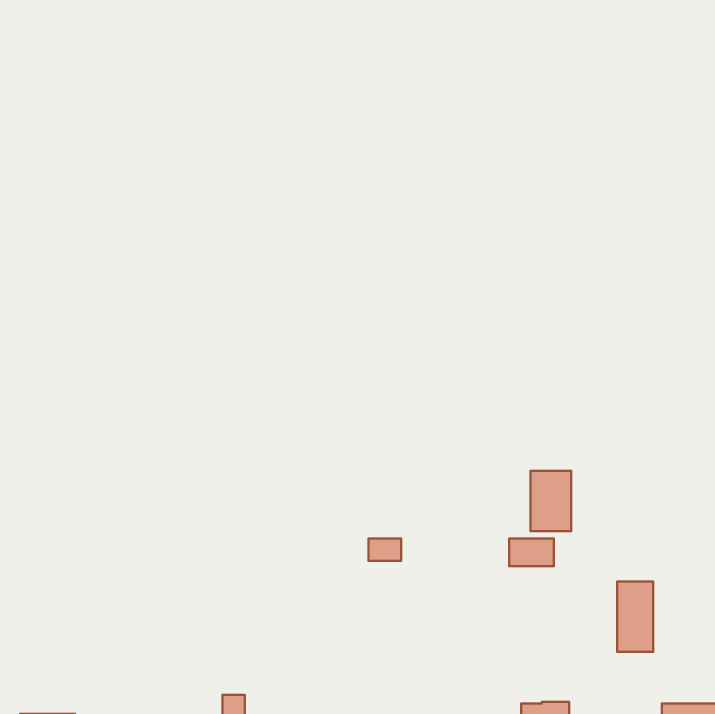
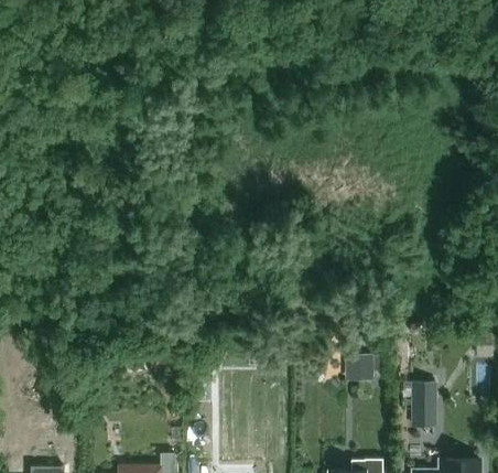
building: [531,471,571,531] -> none

